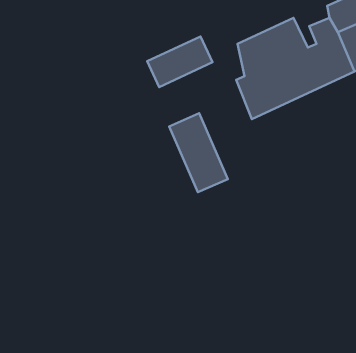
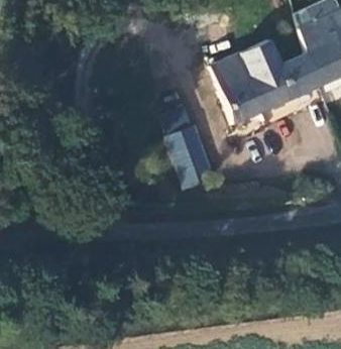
building: [147,36,212,87] -> none

